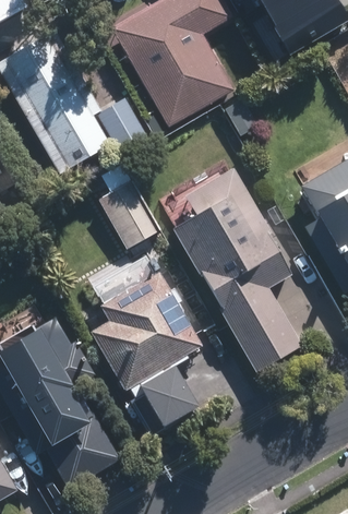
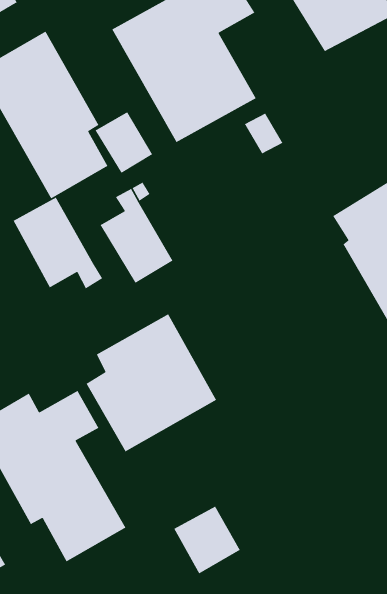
building: [167,169,298,373] -> none
building: none -> [12,196,103,290]
building: [130,370,188,429] -> [173,506,241,575]

